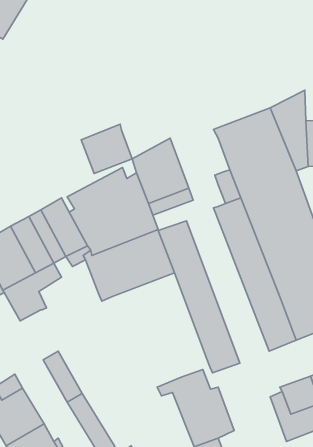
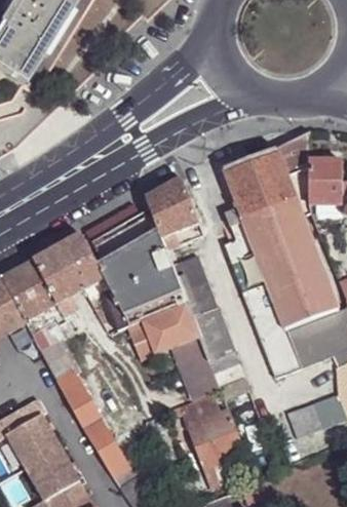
building: [81,124,132,173] -> none
building: none -> [126,303,219,400]
building: none -> [40,338,77,385]

